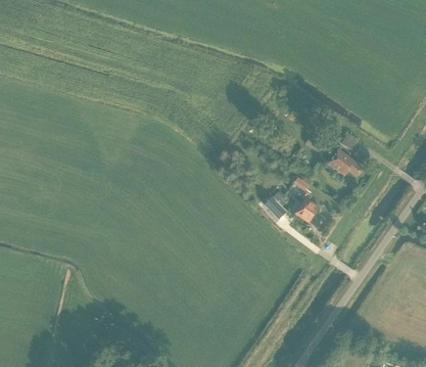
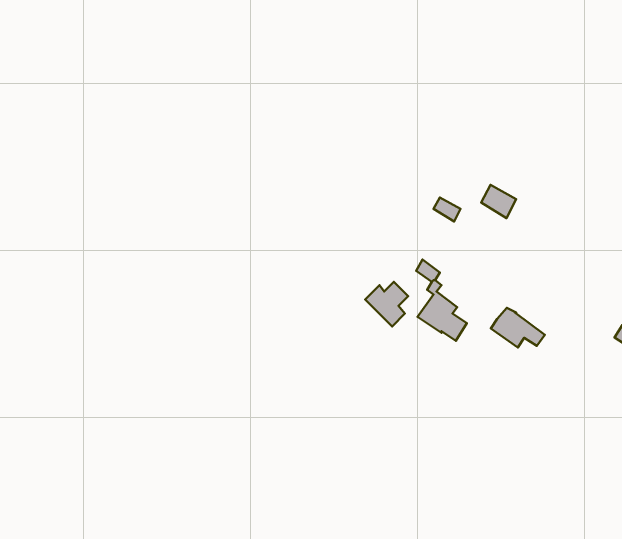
building: [327,150,362,176] -> [491,308,545,347]

